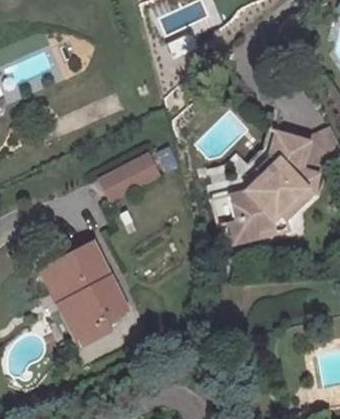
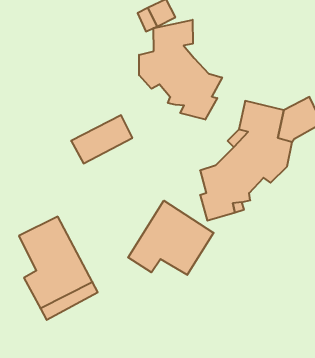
building: none -> [139,20,222,120]
building: none -> [128,201,214,275]

